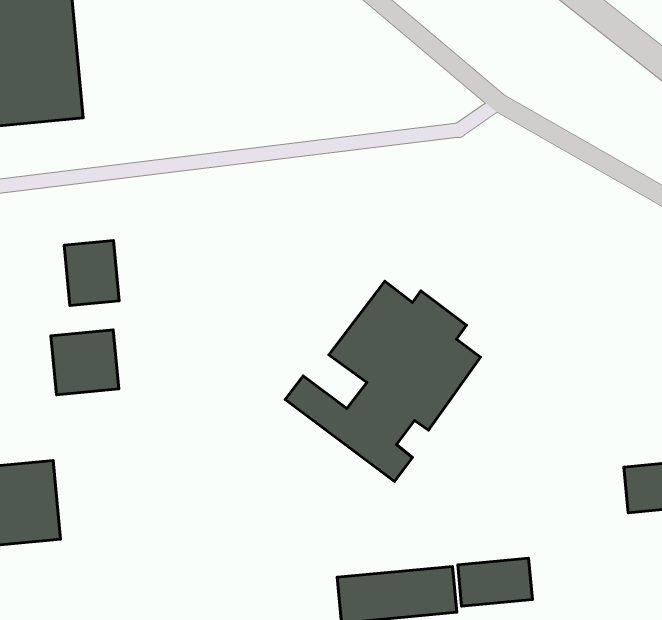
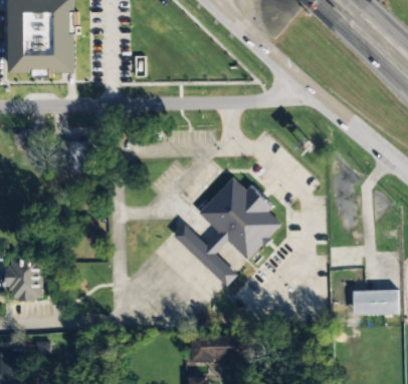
building: [51,330,119,395] -> none
building: [458,558,533,606] -> none

